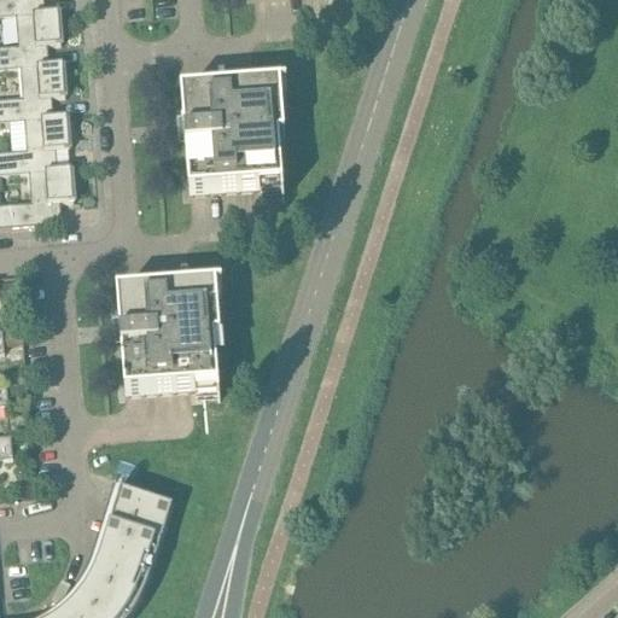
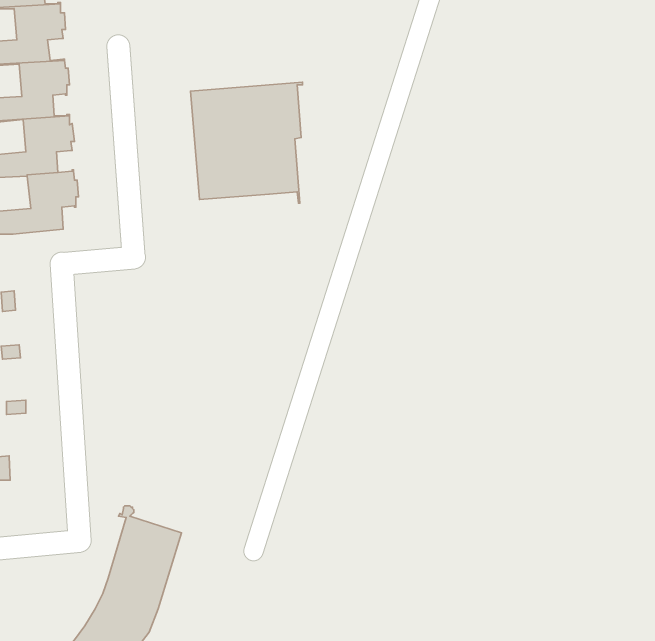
building: [115,279,220,392] -> none

